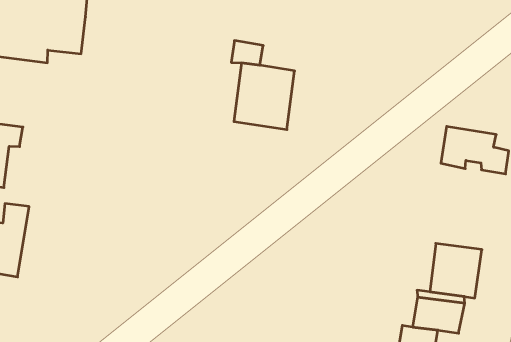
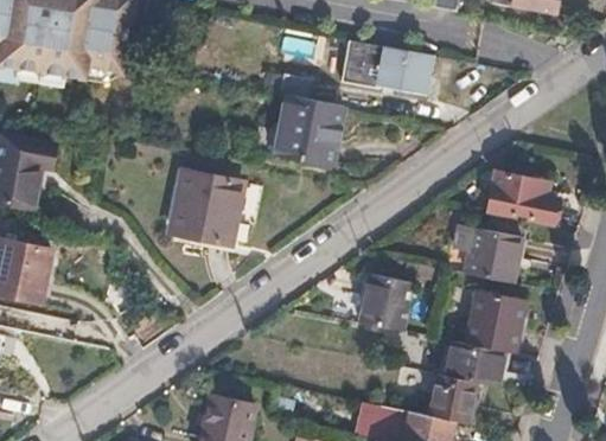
building: none -> [338,40,429,92]
building: none -> [171,168,242,239]
building: none -> [457,223,522,282]
building: none -> [362,271,416,328]

